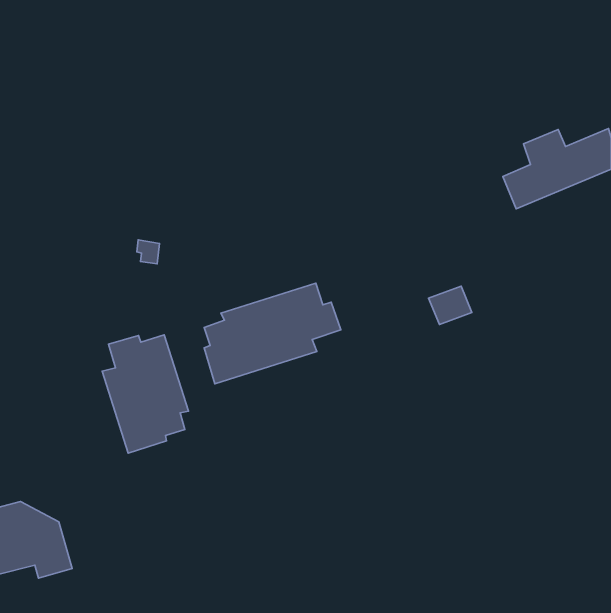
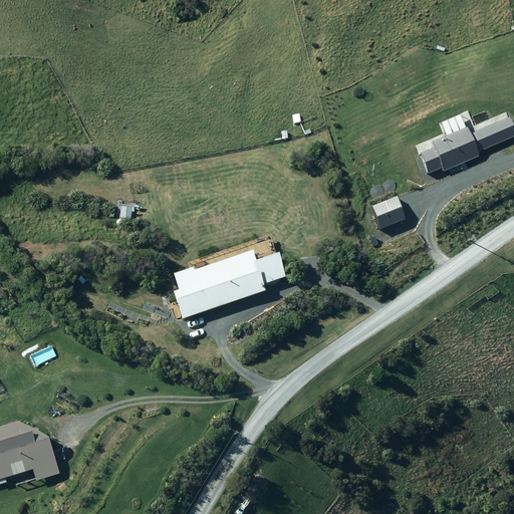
building: [429,286,472,325] -> [370,197,407,229]
building: [102,335,189,453] -> none

